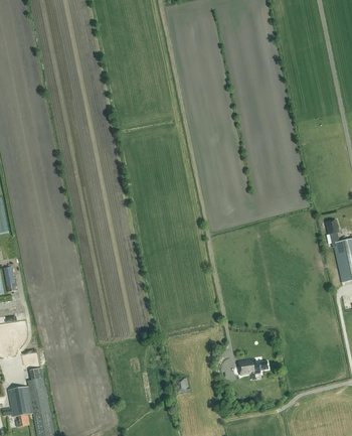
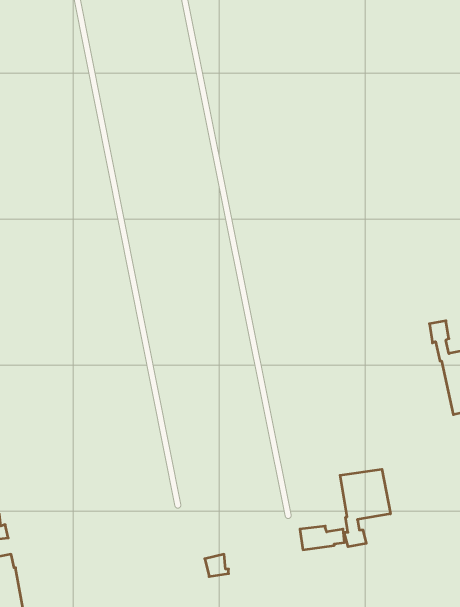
building: none -> [340,469,390,547]

